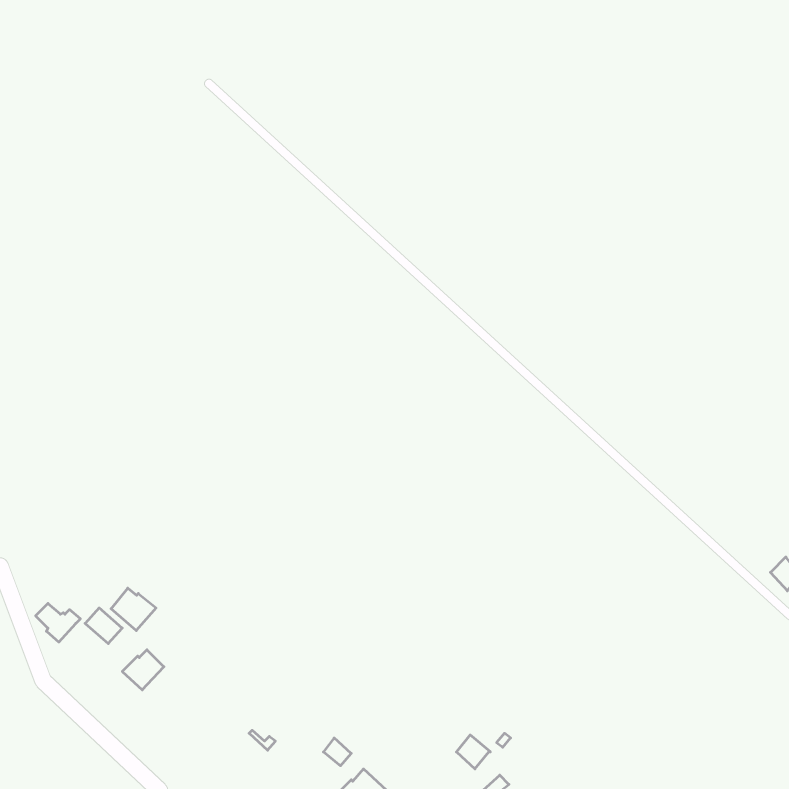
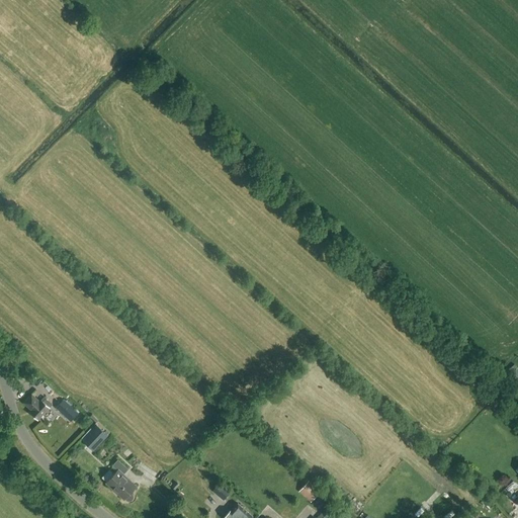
building: [111,588,156,631] -> none
building: none -> [107,461,137,503]

